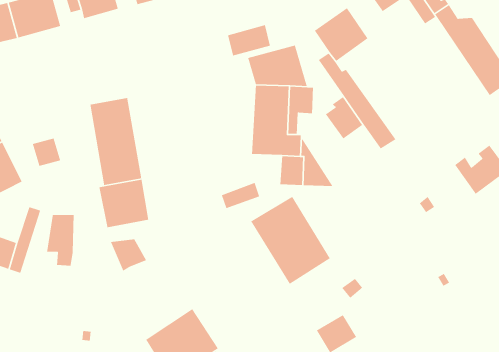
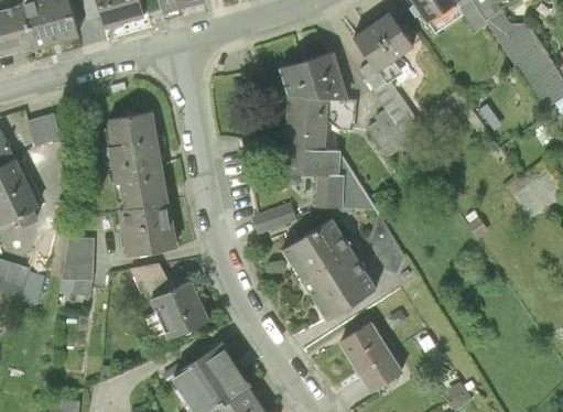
building: [227,24,271,56] -> none
building: [32,137,61,167] -> [29,116,61,148]
building: none -> [153,283,206,338]
building: none -> [340,323,386,366]

